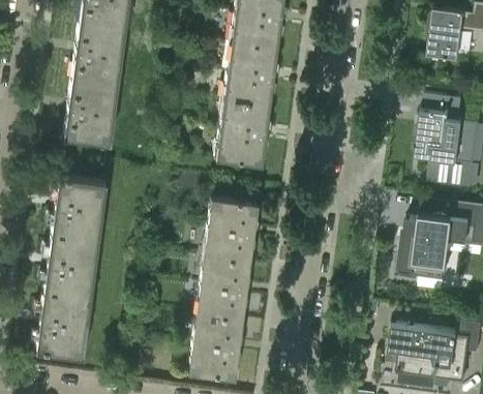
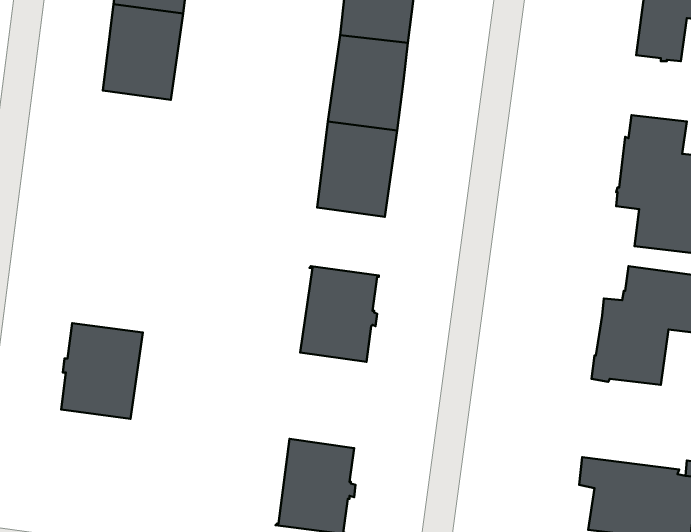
building: [63,80,117,144] -> none
building: [51,177,105,242] -> none
building: [197,255,248,320] -> none
building: [35,294,90,358] -> none

